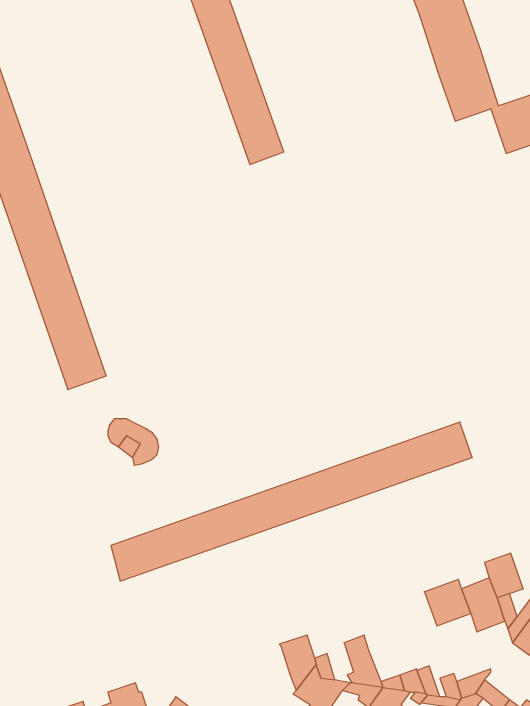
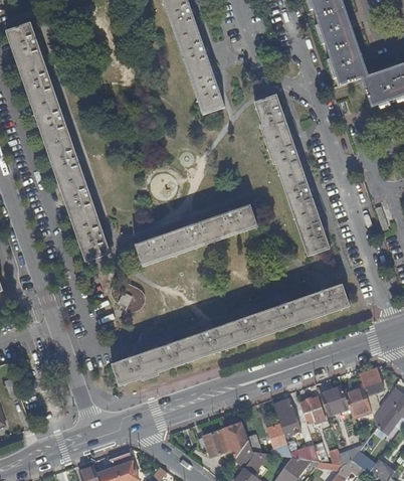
building: none -> [255,94,332,256]
building: none -> [135,203,257,266]
building: none -> [272,397,299,432]
building: none -> [298,397,325,429]
building: none -> [204,429,230,455]

